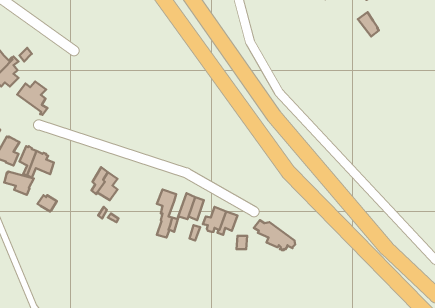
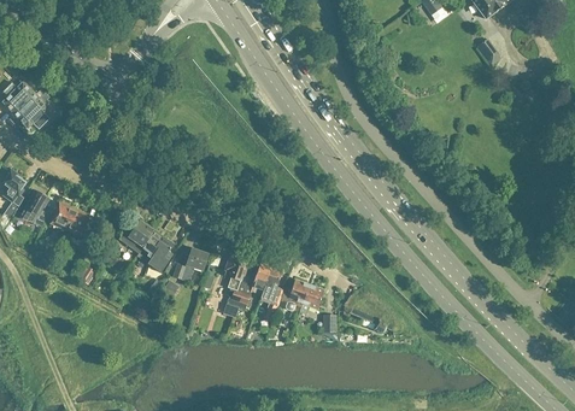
building: [17,82,48,115] -> none
building: none -> [117,219,152,253]
building: [4,171,34,195] -> none
building: none -> [172,248,206,282]

